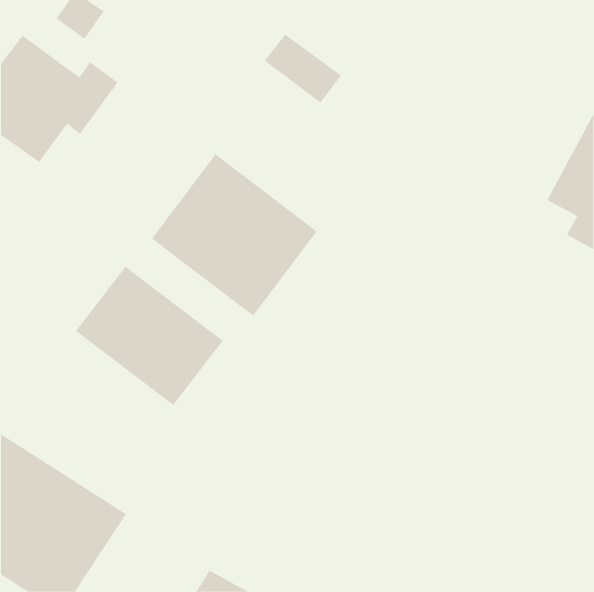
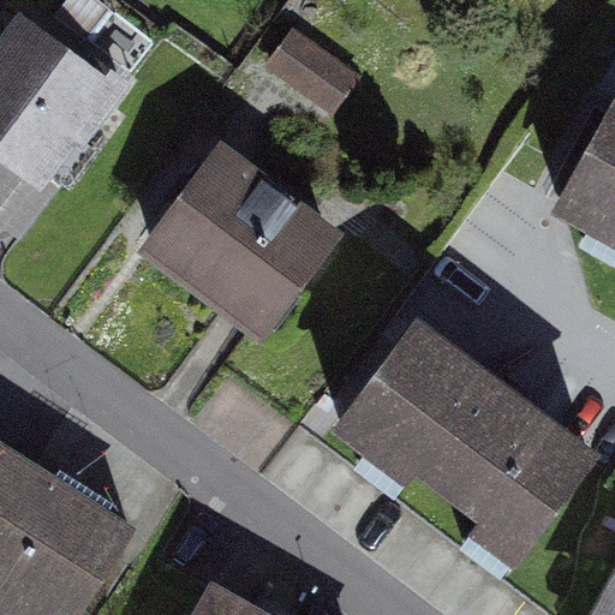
building: [75,266,223,406] -> none
building: none -> [345,330,590,543]

